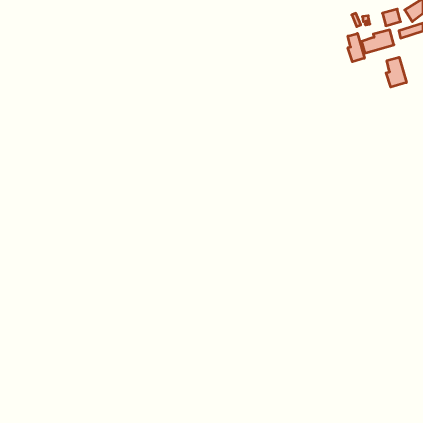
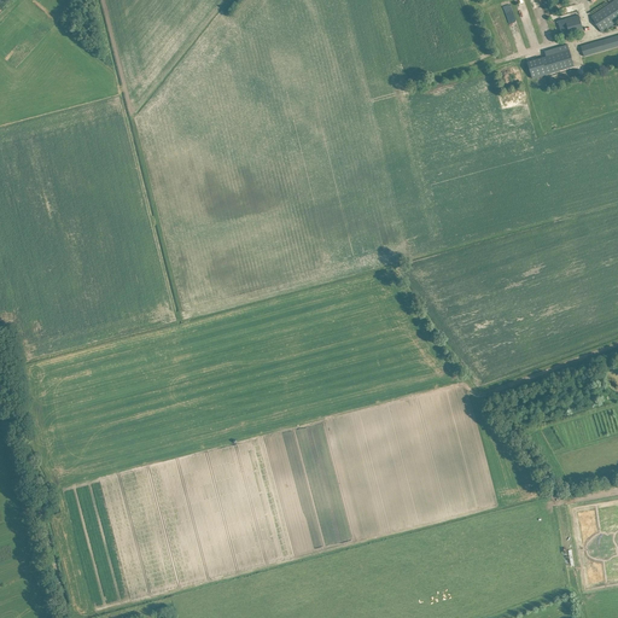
building: [348,33,364,62] -> none
building: [386,57,406,87] -> none

